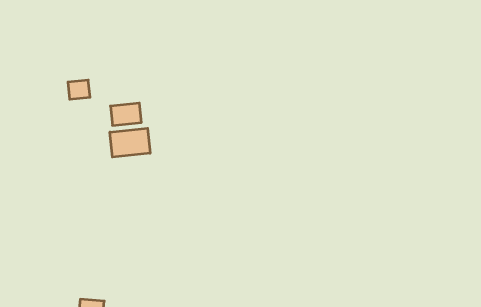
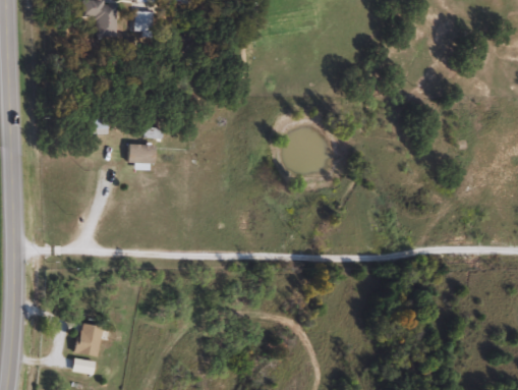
building: [110,128,150,157] -> none

